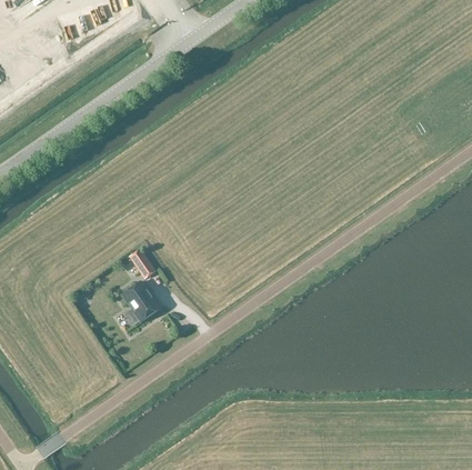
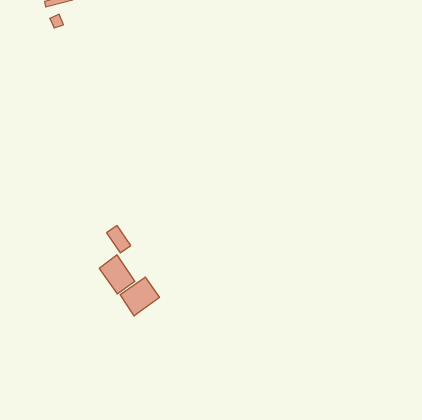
building: none -> [120,277,159,316]

